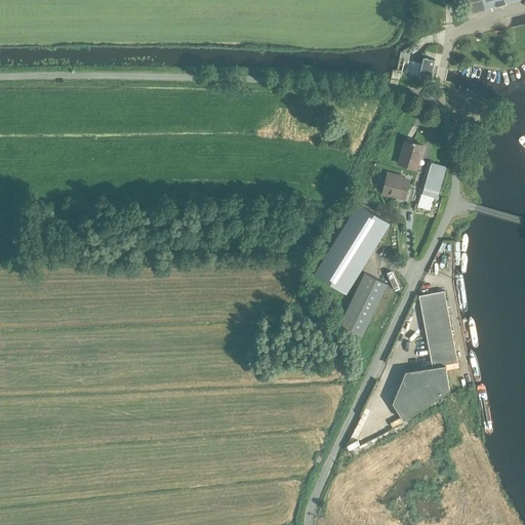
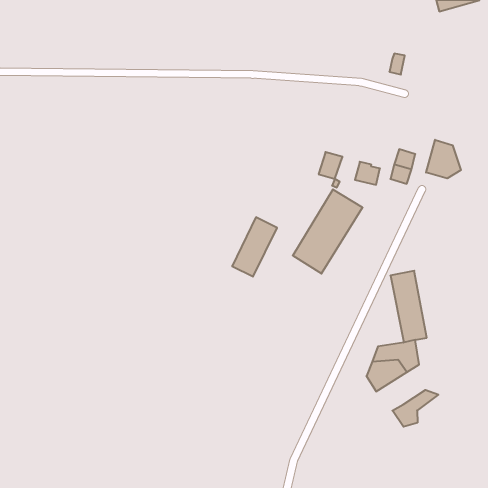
building: [397,142,422,170] -> [319,152,343,179]
building: none -> [426,140,461,178]
building: [338,274,387,337] -> [232,217,277,277]
building: none -> [392,390,438,427]

